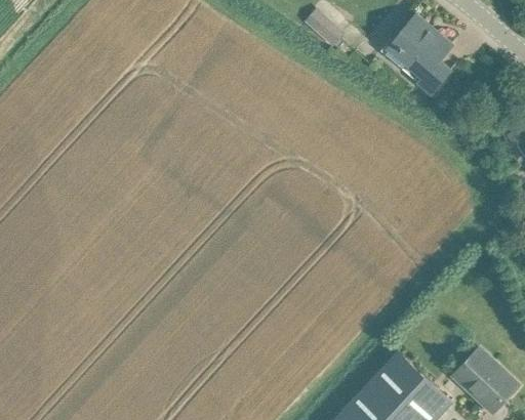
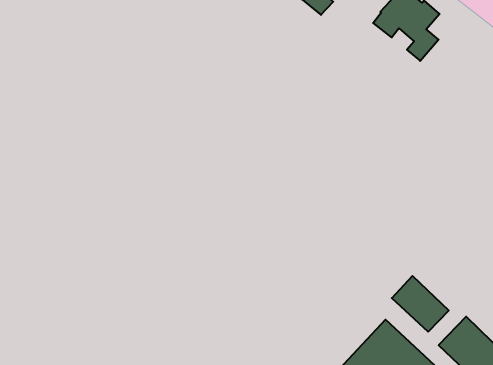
building: none -> [392,276,449,332]

